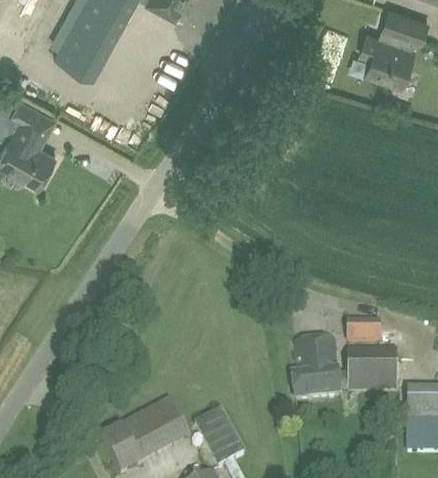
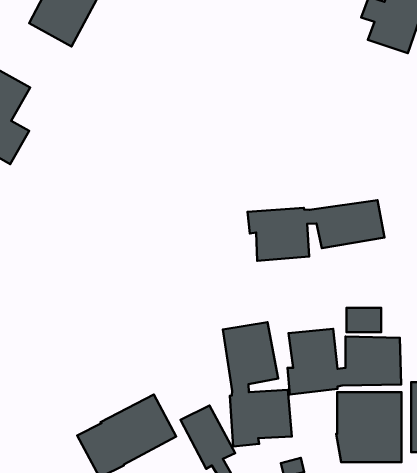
building: none -> [248,200,384,261]
building: none -> [223,322,292,446]
building: none -> [336,392,401,462]

